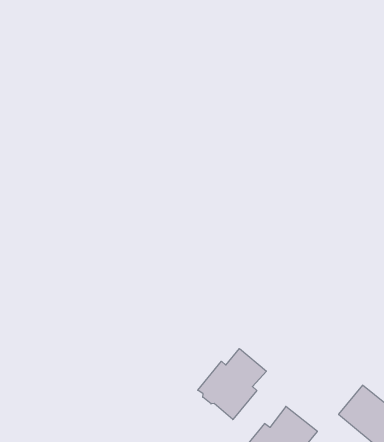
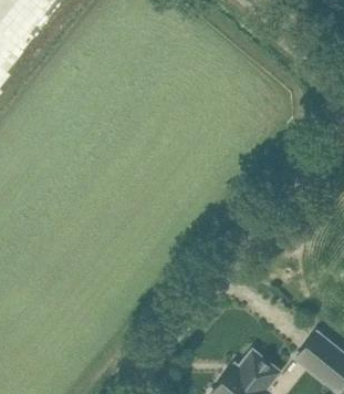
building: [198,349,266,420] -> none

